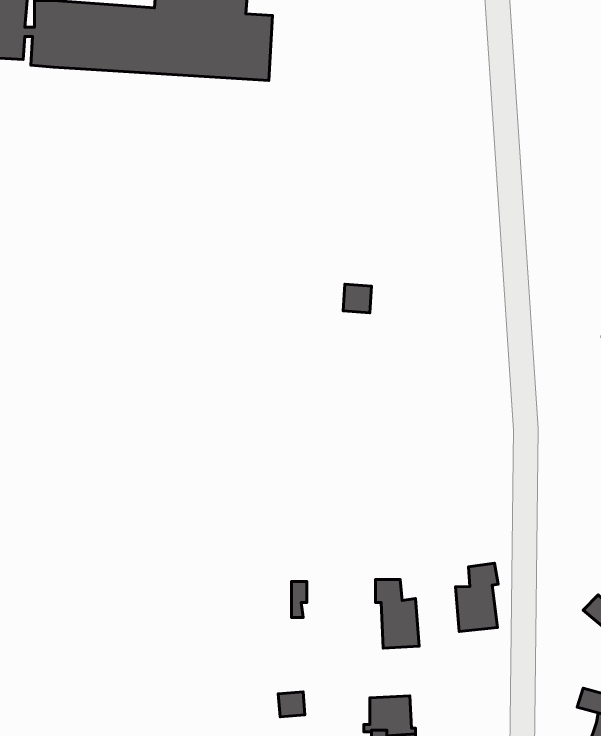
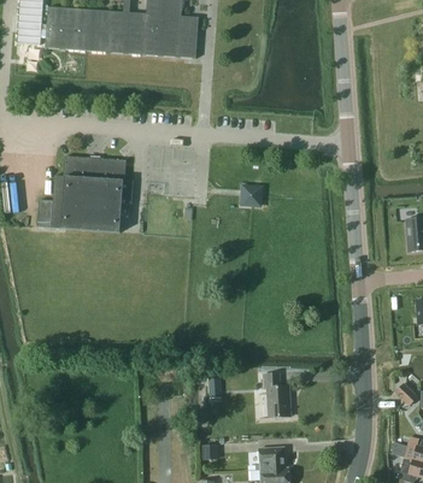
building: none -> [37,155,133,231]
building: [456,563,498,632] -> none

